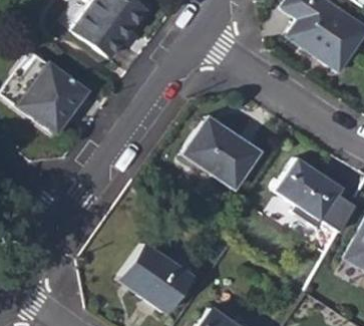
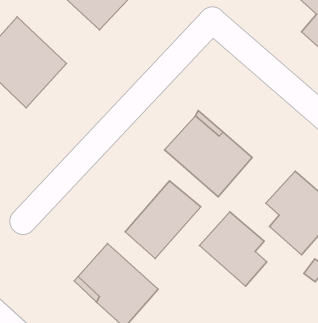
building: none -> [125,181,201,258]
building: none -> [199,212,267,286]

